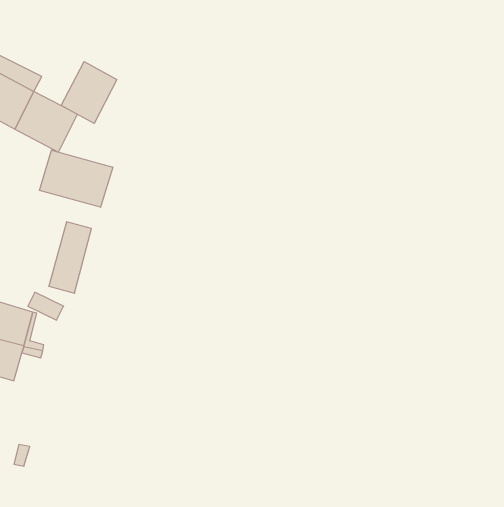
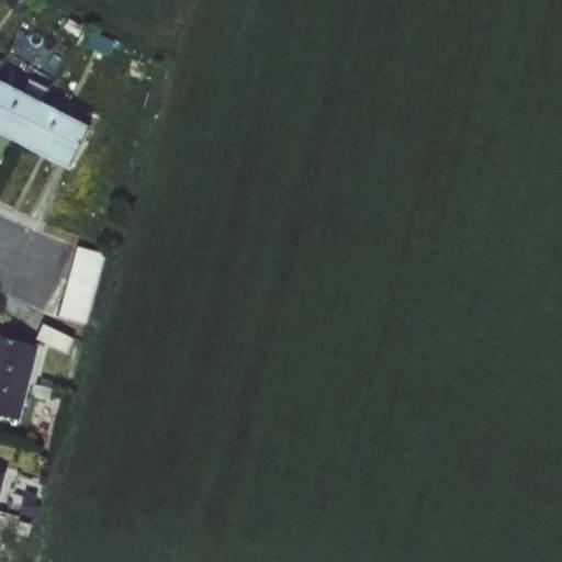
building: [61,62,117,123] -> none
building: [39,150,113,207] -> none

